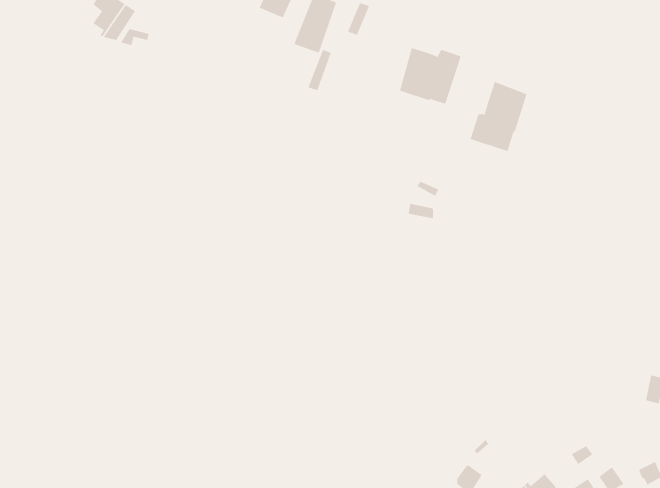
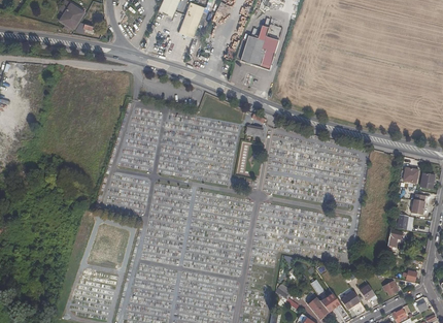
building: [470,81,527,152] -> none

